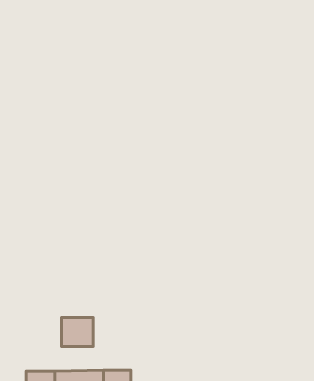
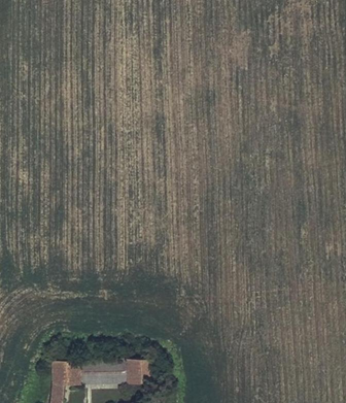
building: [61,318,93,347] -> none

